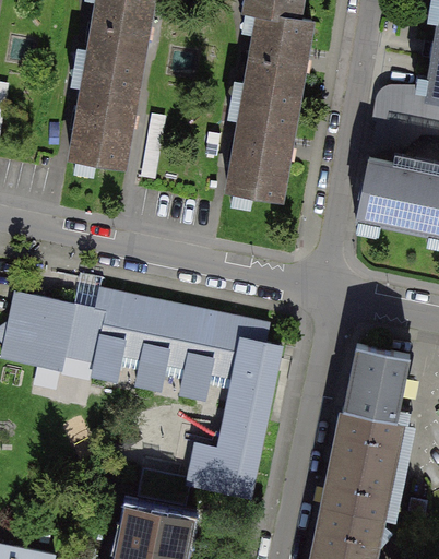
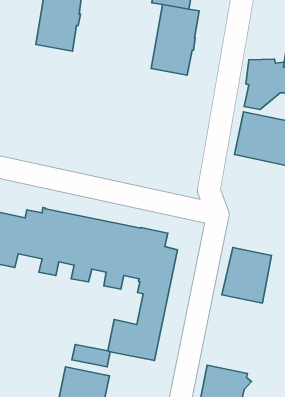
building: [73,67,139,166] -> none
building: [229,99,295,199] -> none
building: [322,407,402,514] -> none

